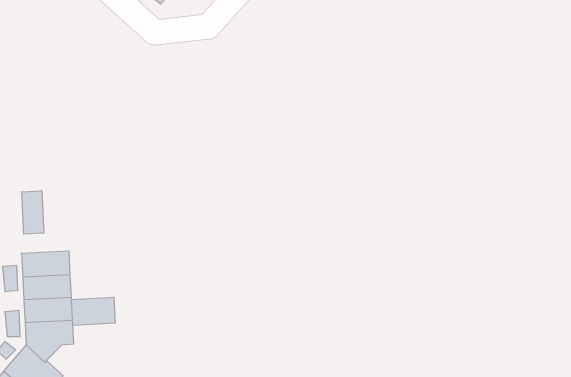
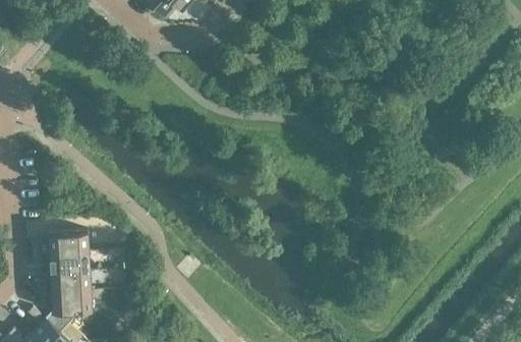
building: [22,191,44,234] -> none
building: [72,297,115,325] -> none

